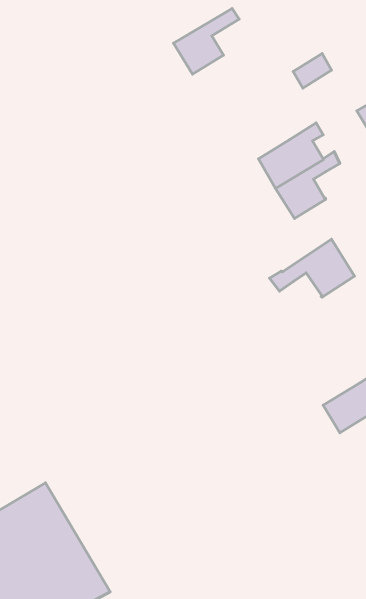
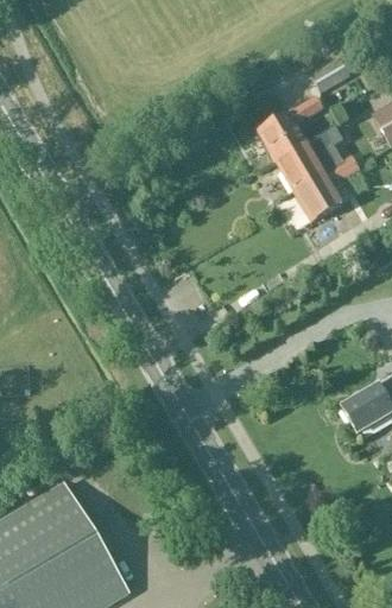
building: [173,8,239,74] -> [257,97,322,163]
building: [270,239,355,297] -> none

